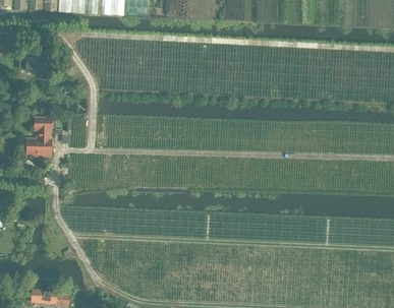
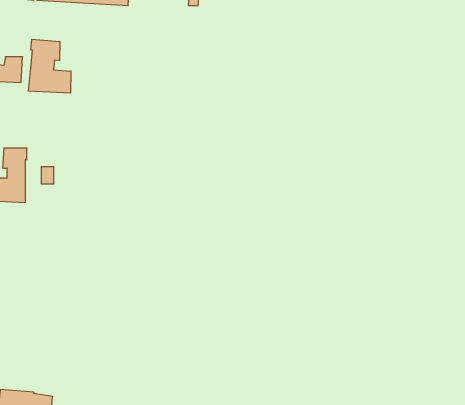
building: none -> [29,39,71,93]

